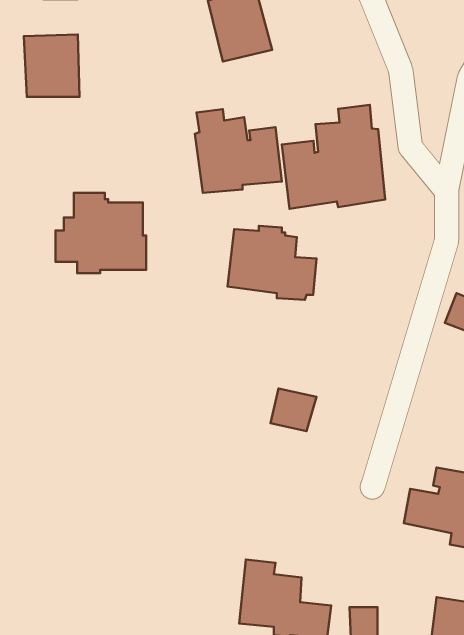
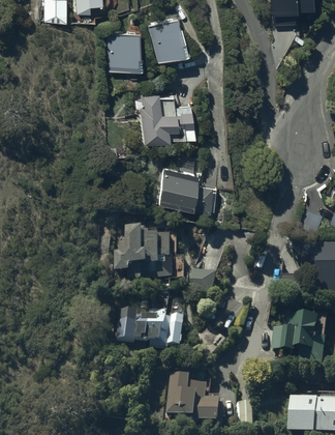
building: [24,34,80,97] -> [106,28,142,67]
building: [282,105,385,209] -> none
building: [56,193,146,273] -> [115,226,172,277]
building: none -> [117,308,184,347]

